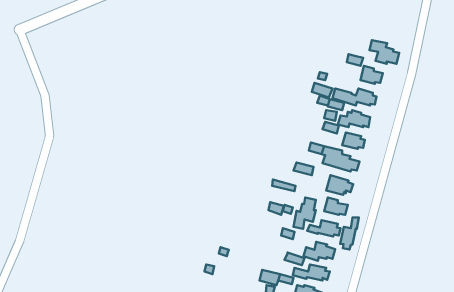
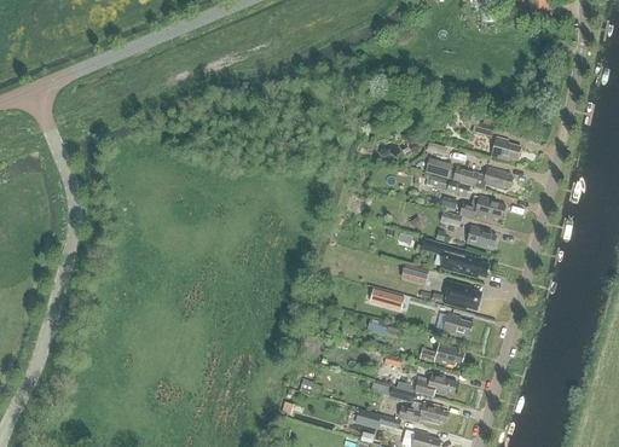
building: [369,40,399,64] -> none
building: [293,198,316,229] -> none
building: [340,217,359,249] -> none

